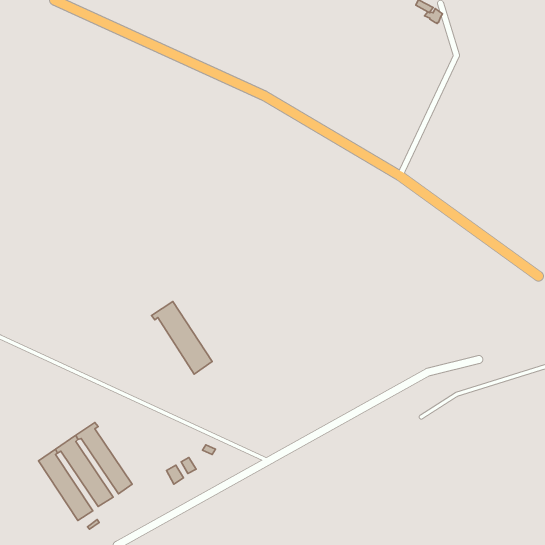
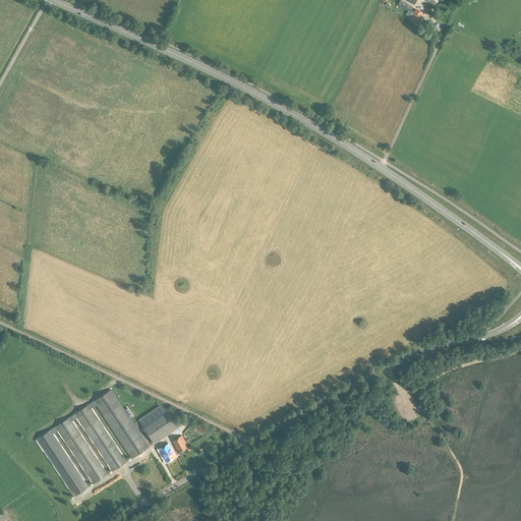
building: [151,302,212,374] -> [91,390,149,459]
building: none -> [138,405,179,443]

